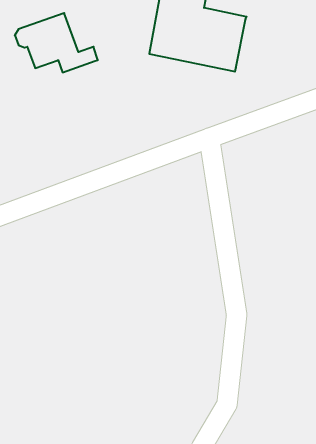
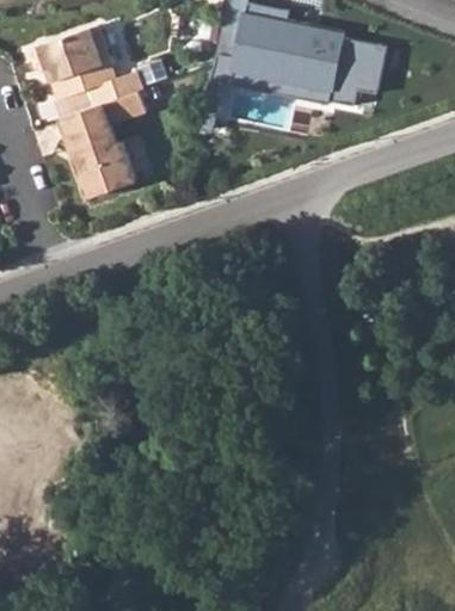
building: none -> [328,35,387,106]
building: none -> [59,91,146,199]

